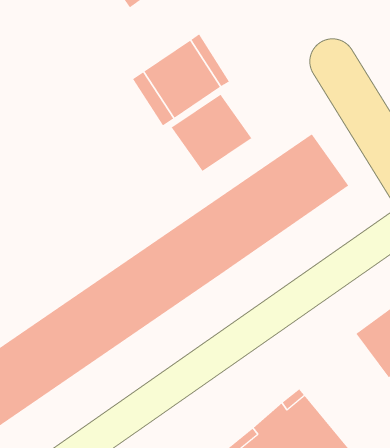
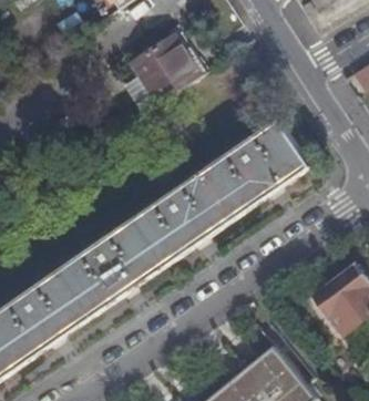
building: [171,94,252,172] -> none

